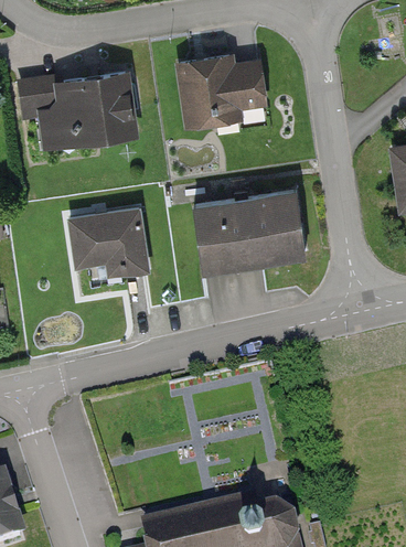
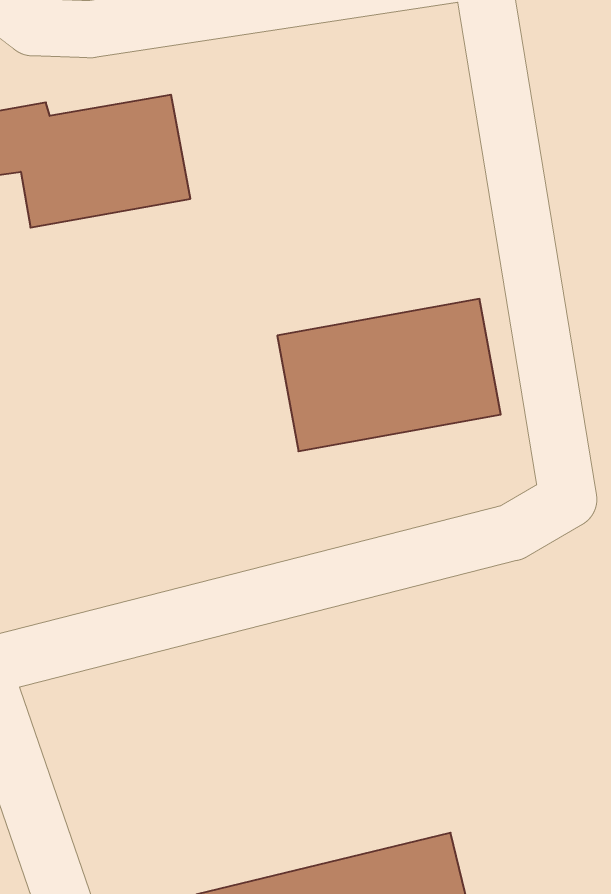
building: [175,54,271,131] -> none
building: [73,205,151,276] -> none

